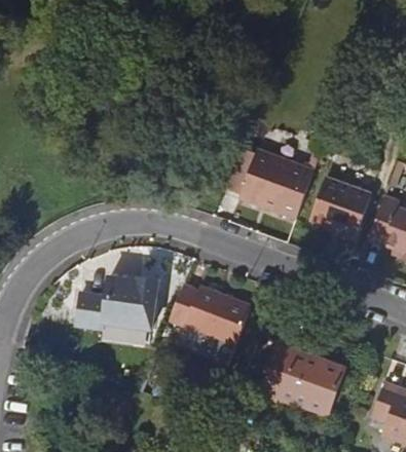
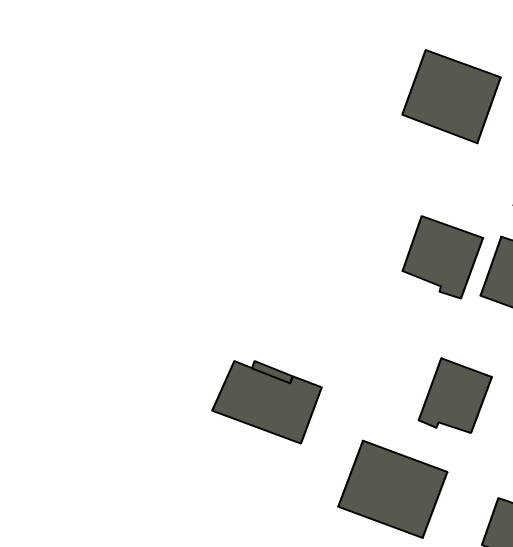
building: [241,147,315,217] -> [402,50,501,143]
building: none -> [419,358,492,433]
building: [74,282,157,333] -> none

